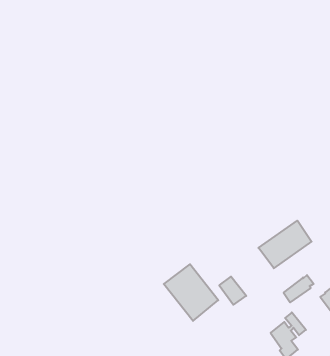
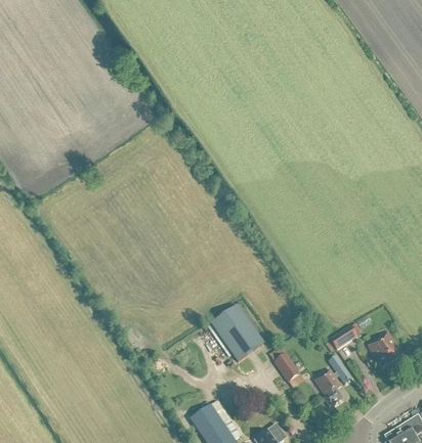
building: [258,221,312,268] -> none
building: [219,277,246,305] -> [275,352,301,381]

